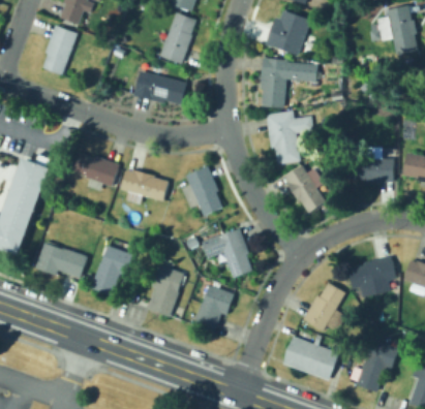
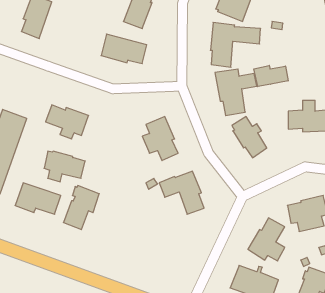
building: none -> [254,65,288,87]
building: [122,169,170,204] -> [44,151,85,182]
building: [149,264,184,317] -> none
building: [192,285,235,335] -> none

